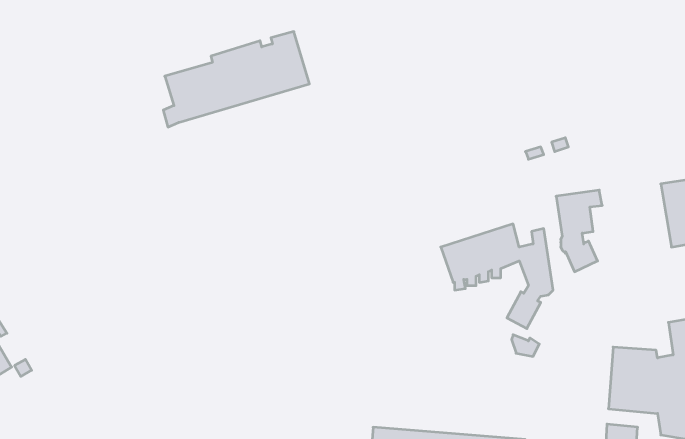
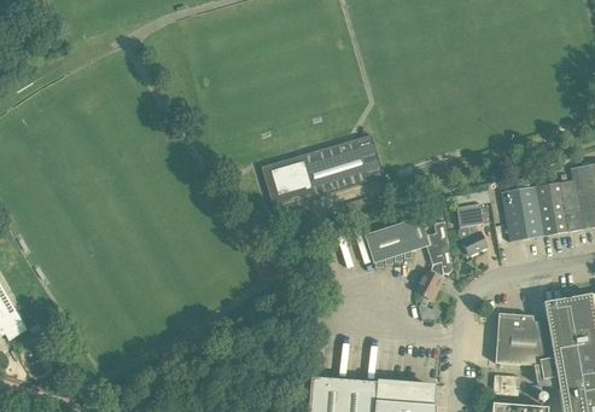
building: [163,32,309,127] -> [269,134,384,209]
building: none -> [501,185,544,240]

